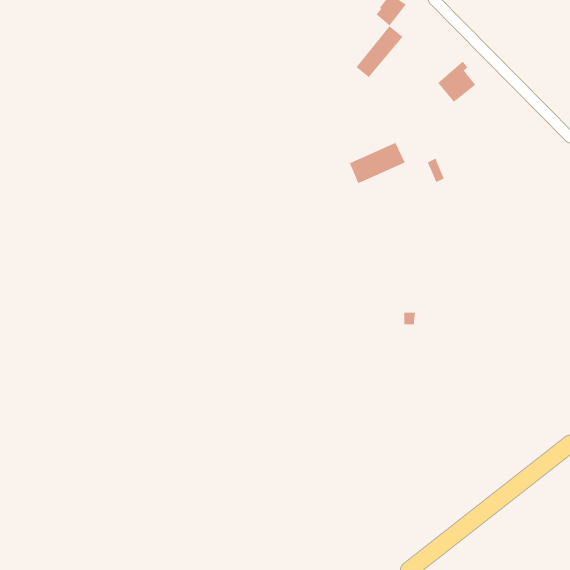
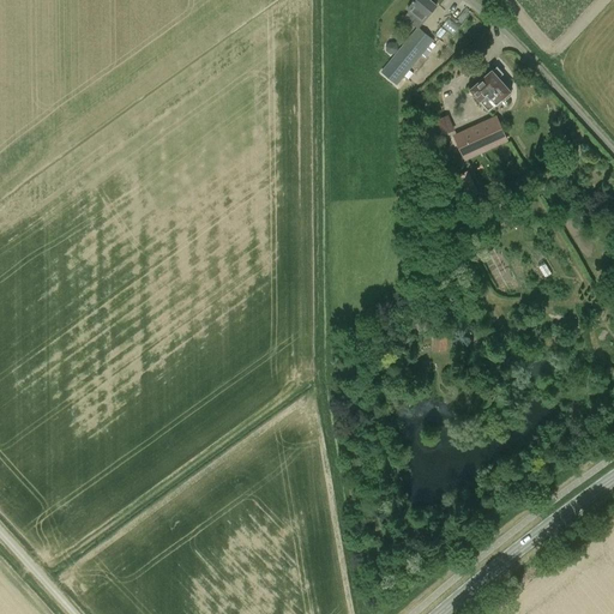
building: [349,142,406,184] -> [445,116,506,162]

